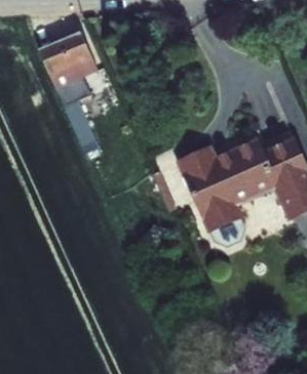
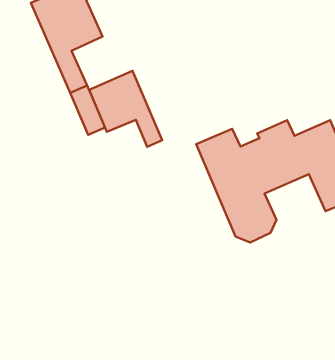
building: none -> [89,71,162,147]

